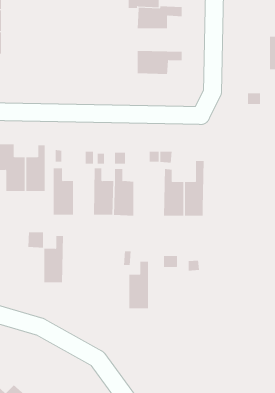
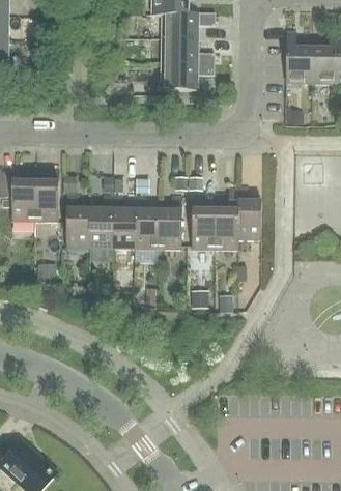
building: none -> [286,31,312,84]
building: none -> [162,37,214,63]
building: none -> [237,186,262,240]
building: [44,235,64,283] -> [90,195,113,249]
building: [129,261,149,309] -> [159,196,181,250]

